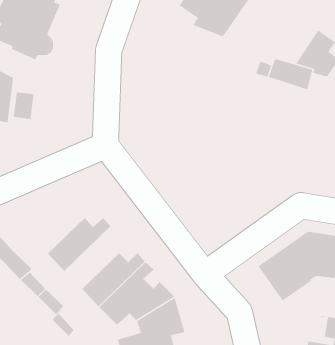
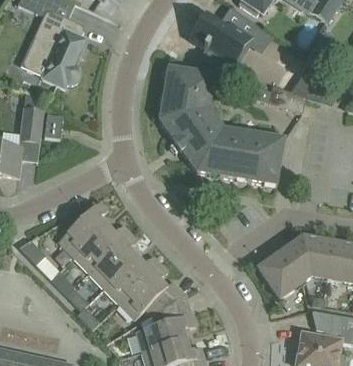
building: none -> [159,68,284,184]
building: none -> [58,201,108,257]
building: none -> [89,233,138,288]

